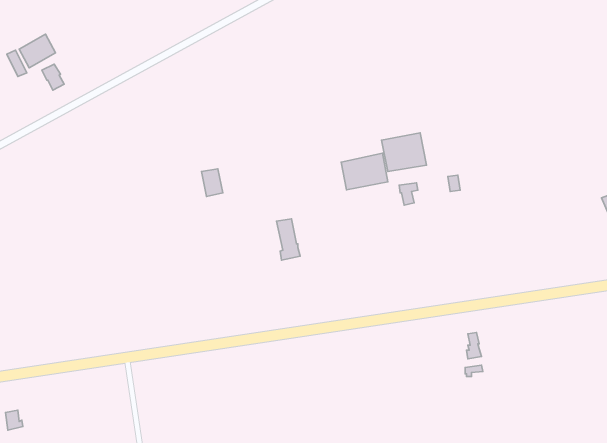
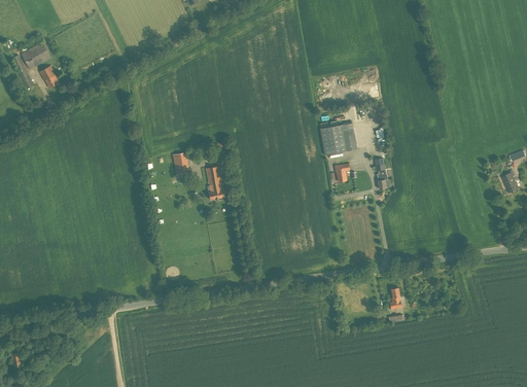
building: [341,153,388,190] -> none
building: [277,219,300,260] -> [206,166,225,200]

